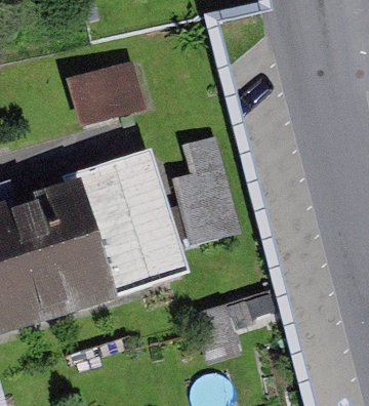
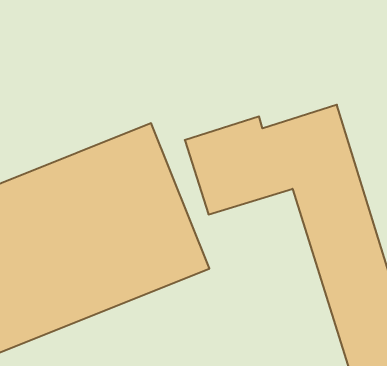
building: [72,58,148,117] -> none

